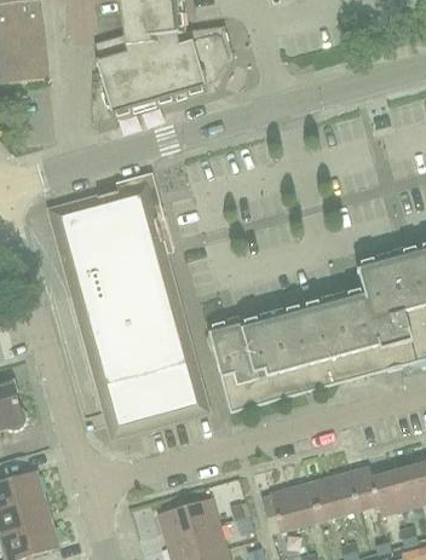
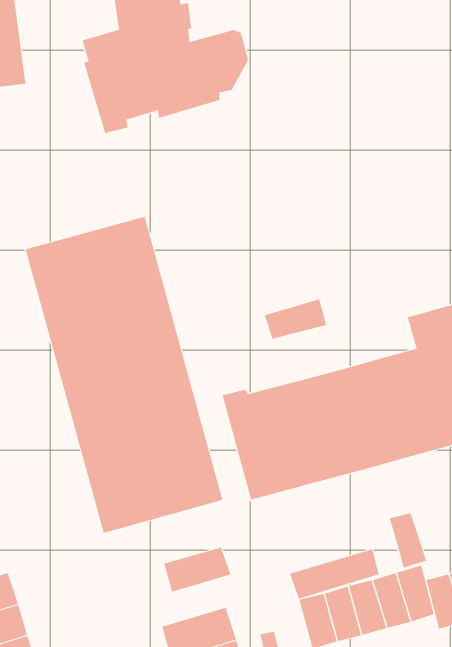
building: none -> [264,299,327,340]
building: none -> [389,497,427,568]
building: none -> [164,547,231,592]
building: none -> [289,549,379,600]

